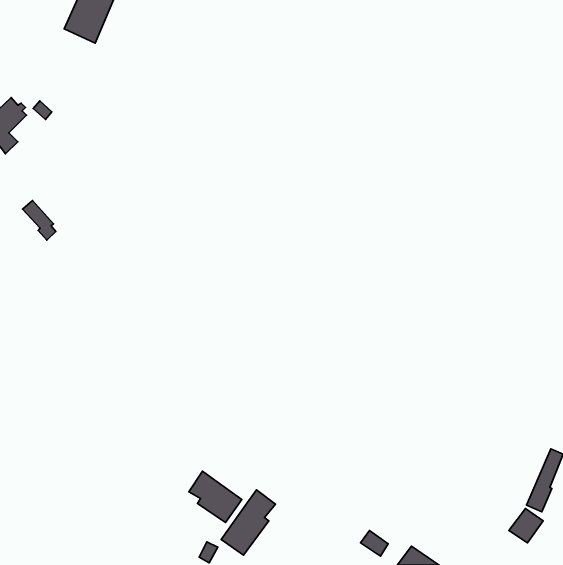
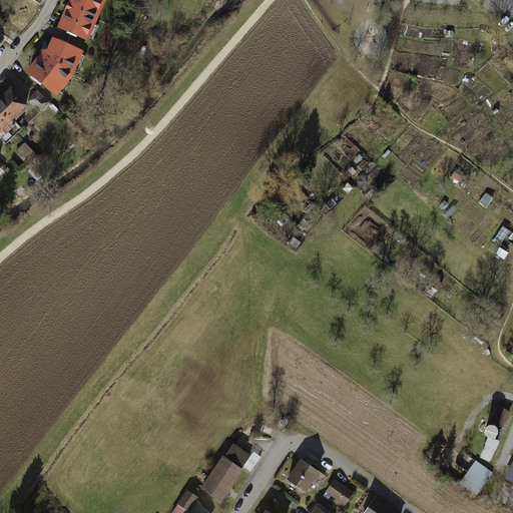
building: none -> [28,39,80,91]
building: [23,200,56,240] -> [15,143,45,179]
building: [189,471,242,522] -> none
building: none -> [290,461,320,491]

